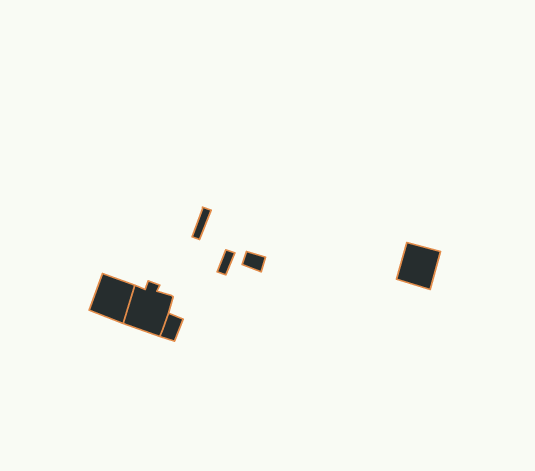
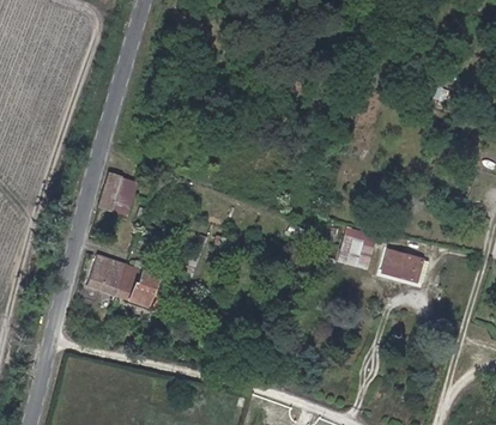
building: none -> [98,172,135,212]
building: none -> [380,249,430,284]

